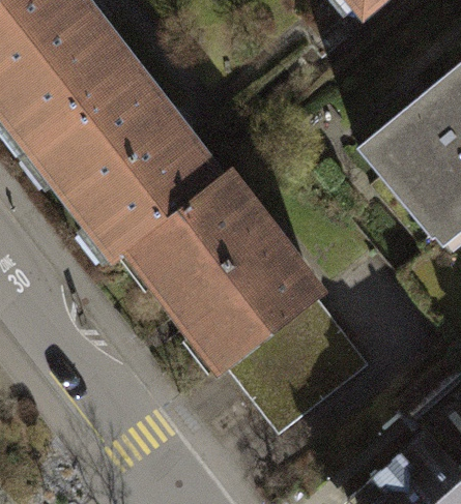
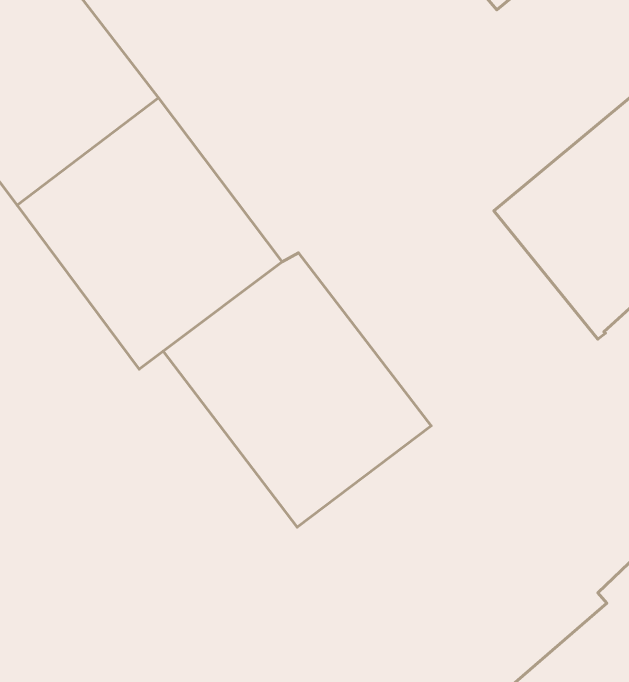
building: [224,298,369,437] -> none

